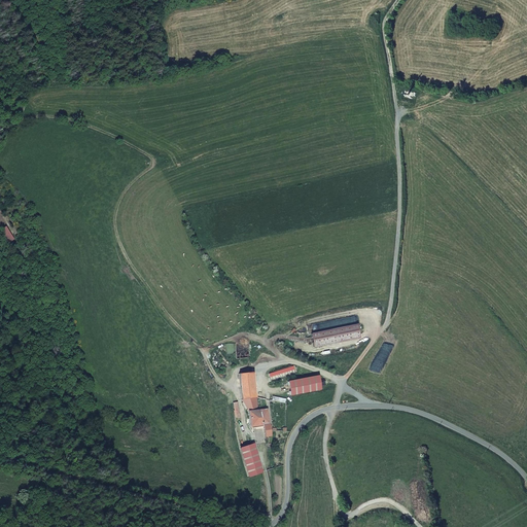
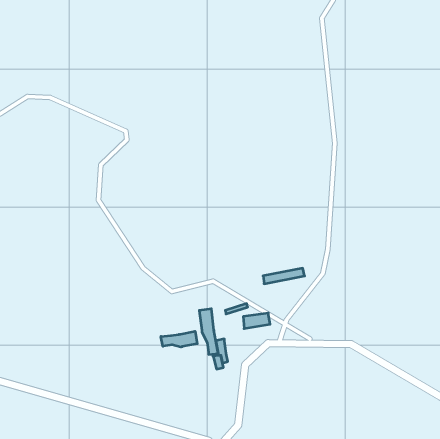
building: none -> [161,331,197,347]
building: [240,443,262,475] -> none

